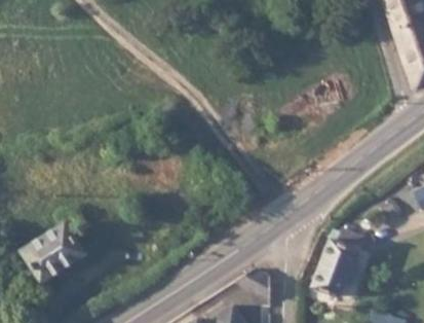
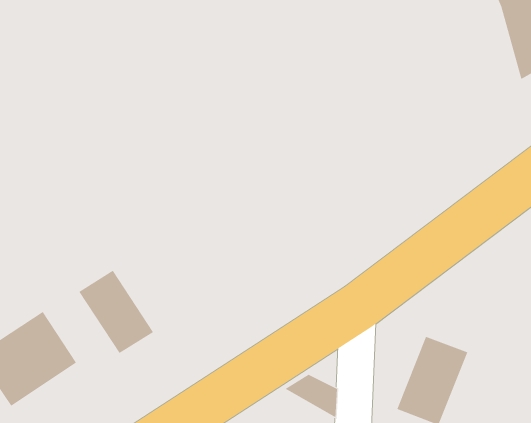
building: none -> [78,270,154,354]

